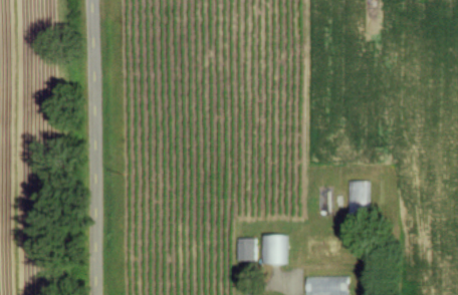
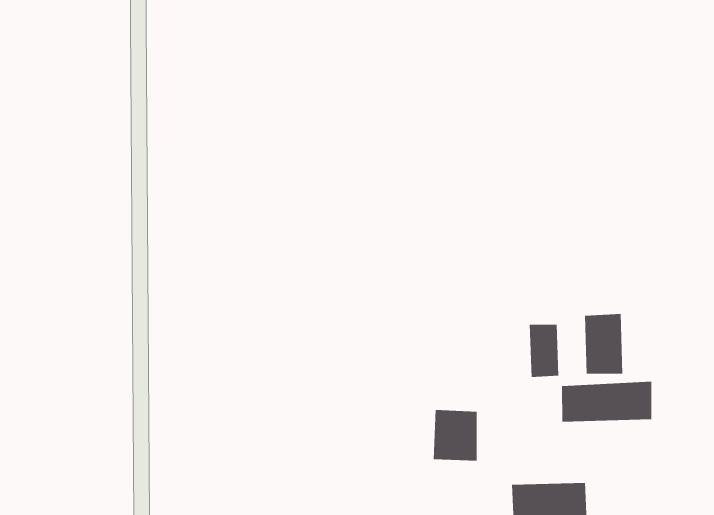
building: none -> [562,381,652,422]
building: [237,239,255,261] -> none

